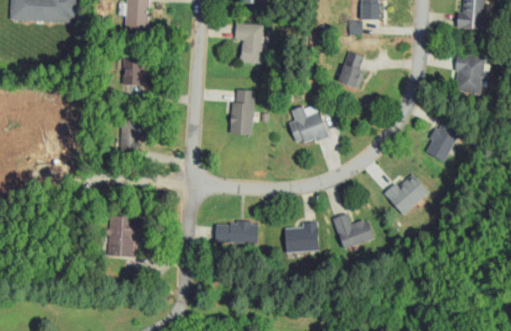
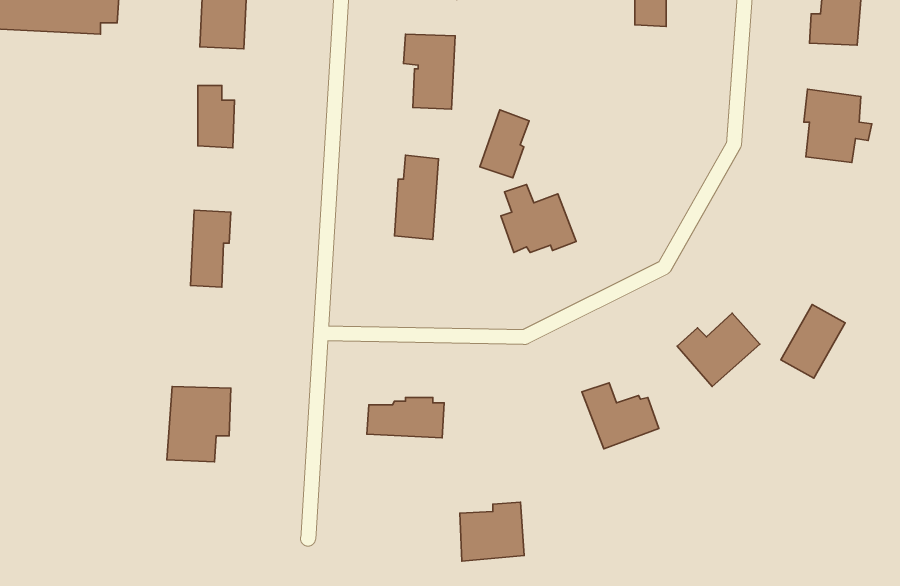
building: [337,50,364,87] -> [480,110,529,178]
building: [425,121,460,161] -> [781,305,845,378]
building: [284,222,319,254] -> [460,502,524,561]

